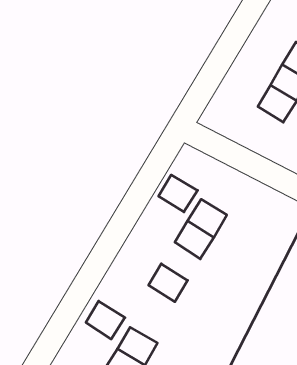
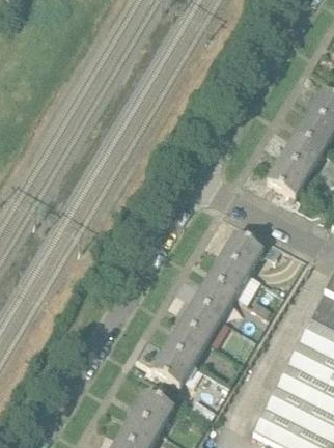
building: none -> [269,155,310,195]
building: [159,175,198,212] -> [223,230,265,270]
building: none -> [180,299,222,339]
building: [86,301,125,339] -> [154,344,195,385]

